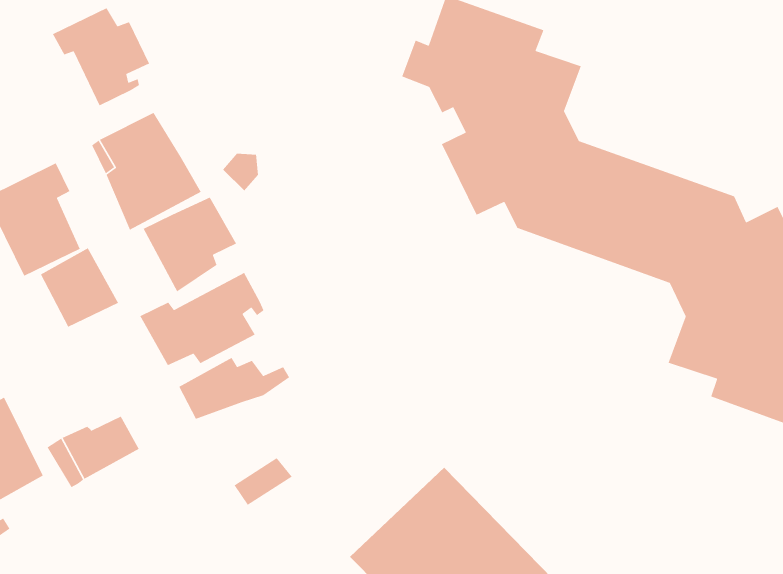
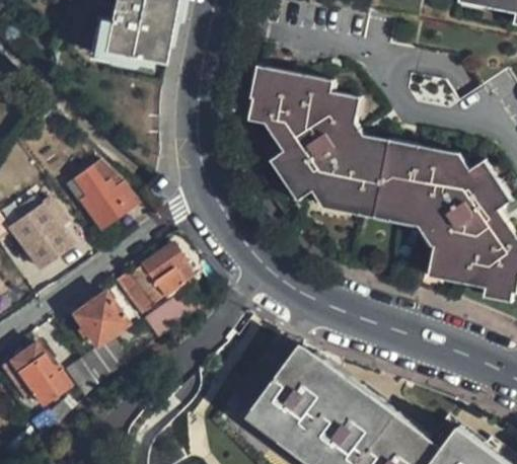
building: [52,7,150,107] -> none
building: [143,196,237,292] -> none
building: [40,247,119,328] -> [73,298,123,347]

